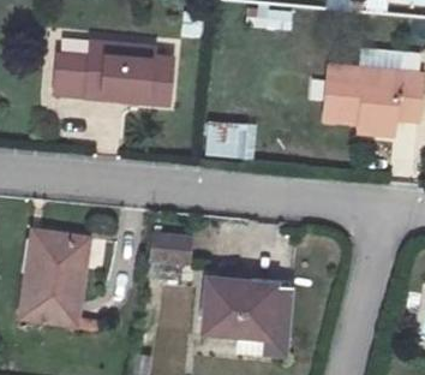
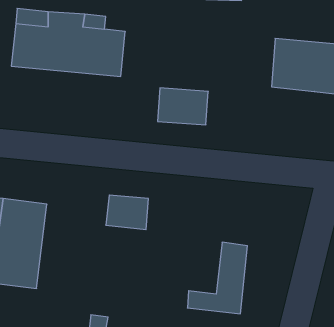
building: [196,274,271,335] -> none

